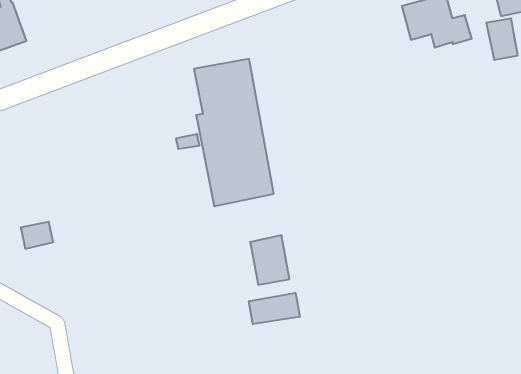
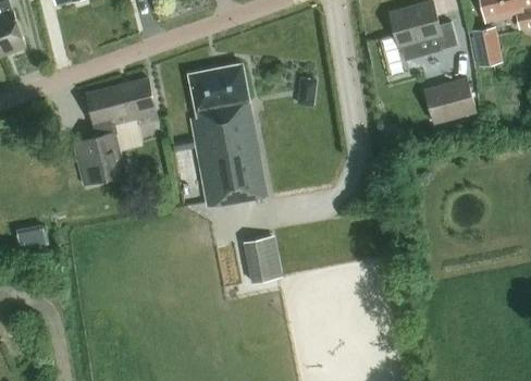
building: none -> [428,78,476,122]
building: none -> [72,79,155,186]
building: [249,293,300,324] -> none

